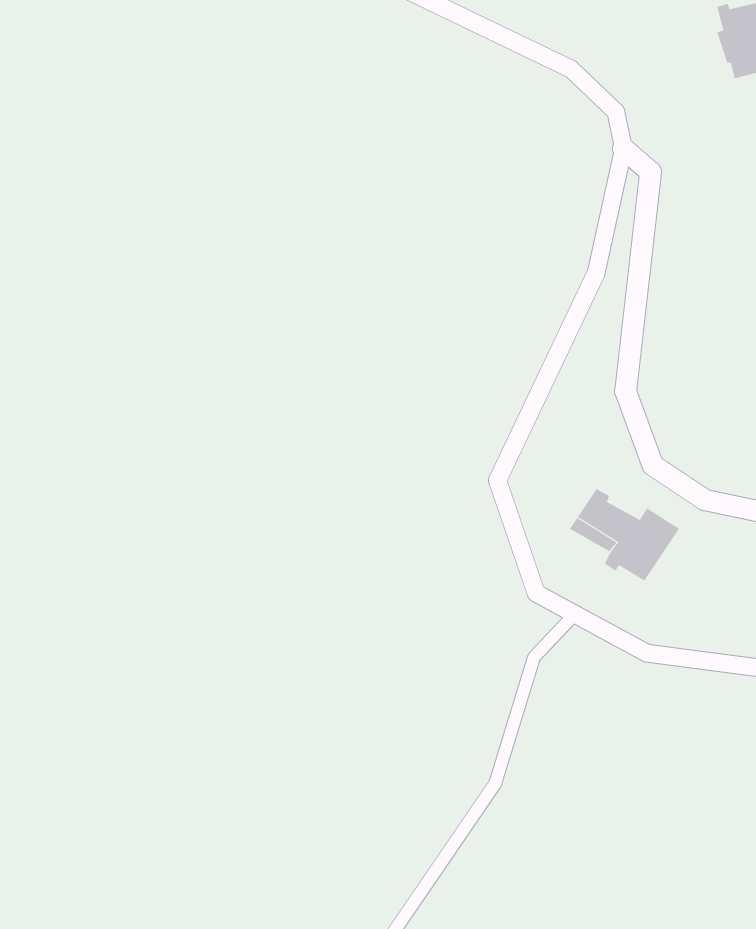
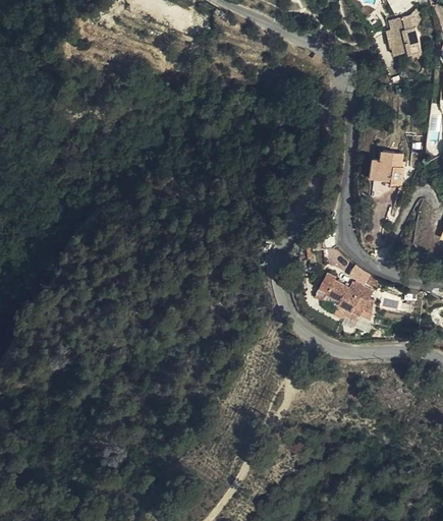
building: none -> [371,150,404,187]

